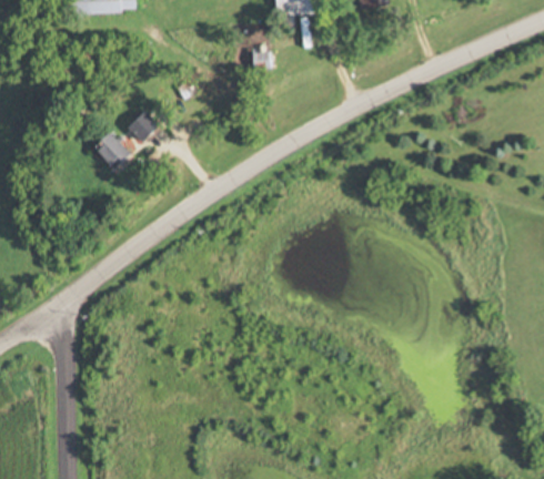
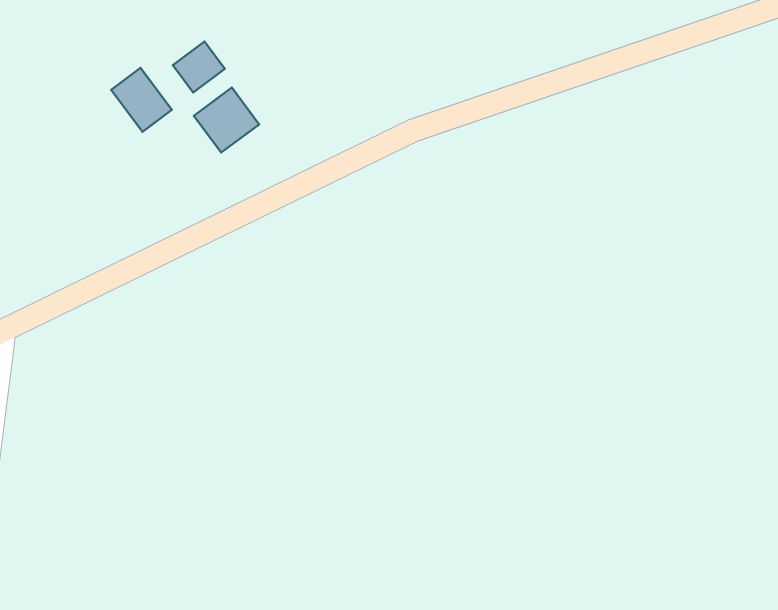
building: none -> [194,87,259,153]

